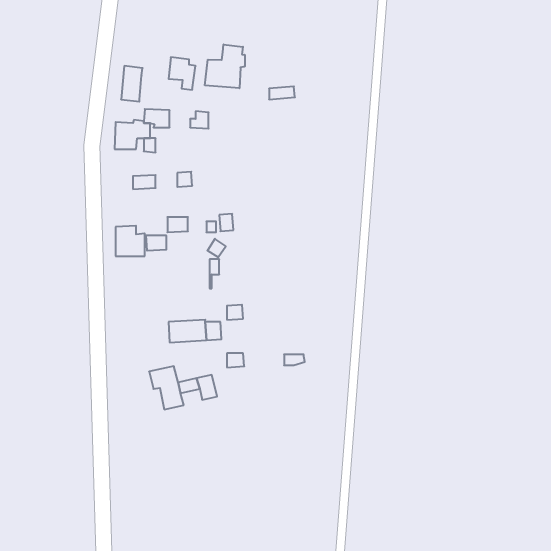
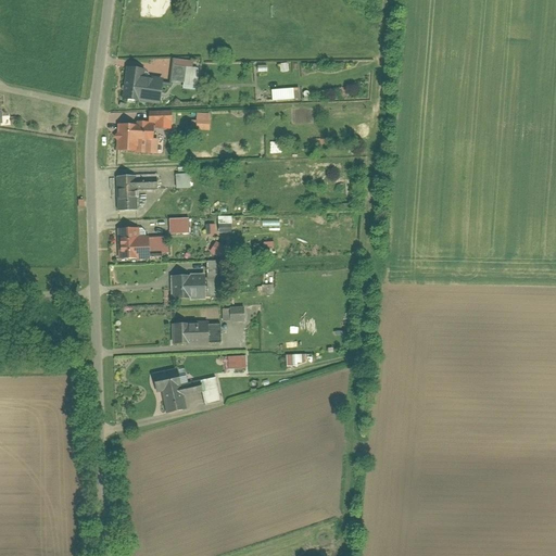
building: [205,44,245,88] -> none
building: none -> [141,76,162,102]
building: none -> [116,175,136,208]
building: none -> [170,271,205,299]

